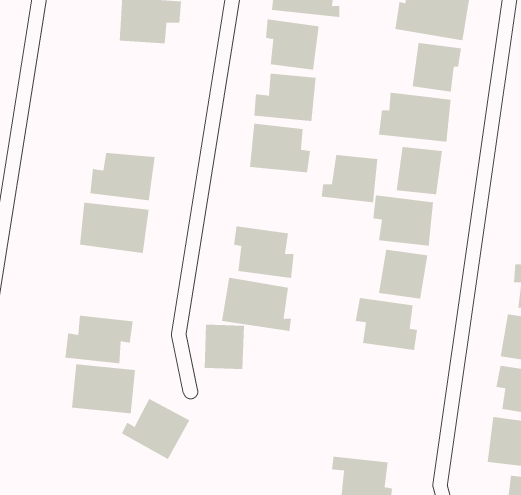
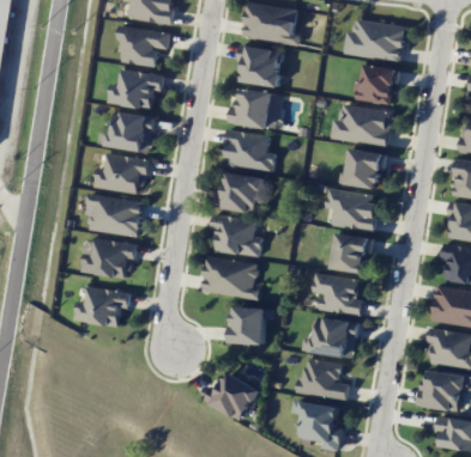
building: none -> [107,68,163,109]
building: none -> [109,110,155,151]
building: [321,154,378,203] -> [215,172,261,212]
building: [204,324,245,370] -> [230,306,264,343]
building: none -> [309,315,358,358]
building: [71,364,136,414] -> [80,237,133,278]
building: [121,398,190,460] -> [204,371,260,421]
building: none -> [298,357,348,398]

